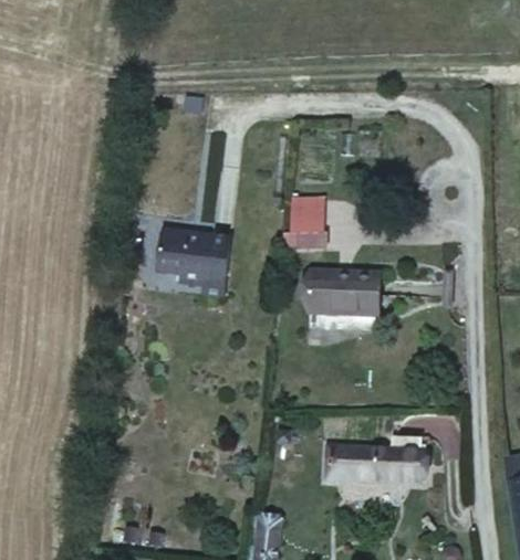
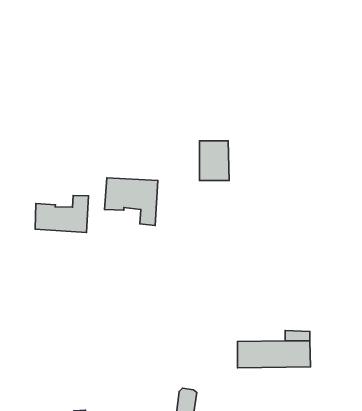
building: none -> [35,196,88,232]
building: [303,267,379,314] -> none

